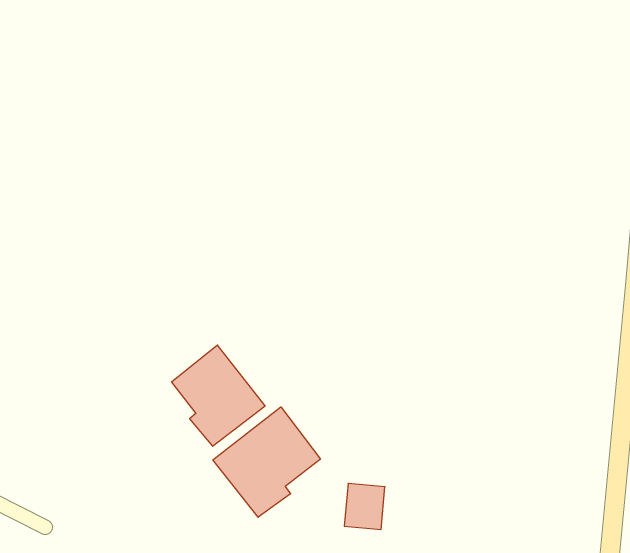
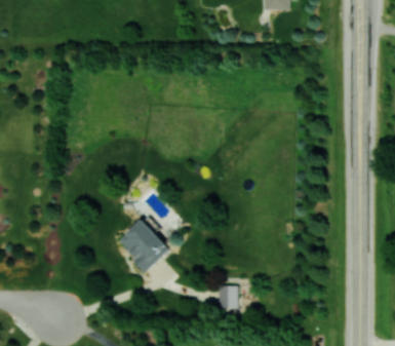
building: [213,407,320,517] -> none

